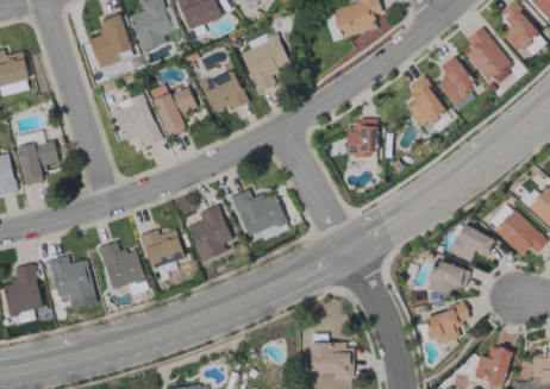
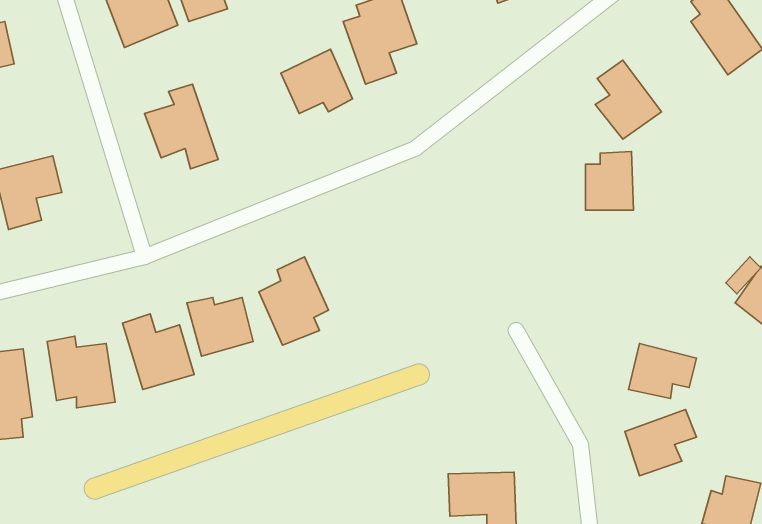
building: [437,56,476,103] -> none
building: [150,84,196,137] -> none
building: [346,119,377,157] -> [586,151,633,210]
building: [231,189,289,240] -> none
building: [449,224,494,263] -> none

